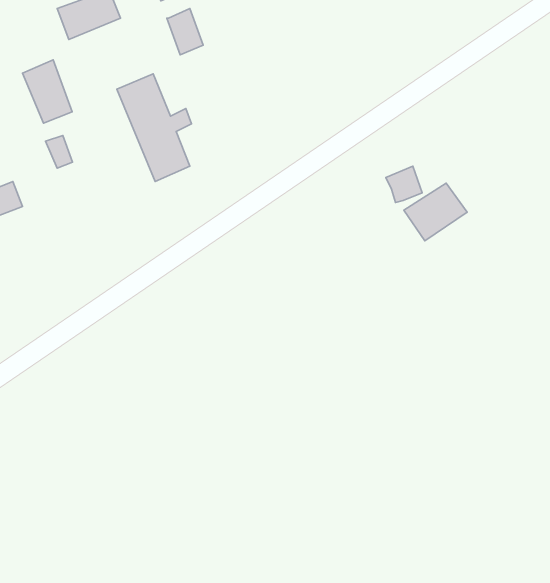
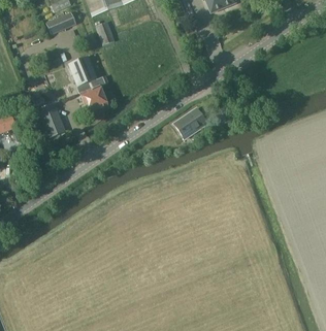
building: [22,60,72,123] -> [37,101,64,135]
building: [404,183,467,241] -> [173,107,207,138]

